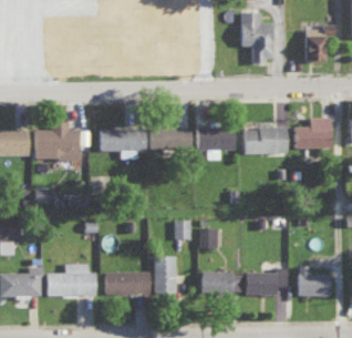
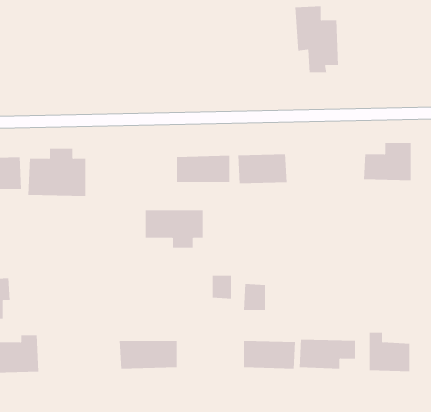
building: [304,28,333,63] -> none
building: [242,129,287,155] -> none
building: [100,130,145,160] -> [145,210,203,248]
building: [154,257,176,298] -> none
building: [45,265,97,297] -> none

